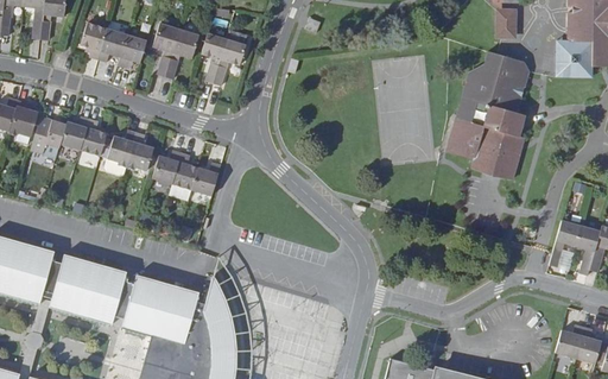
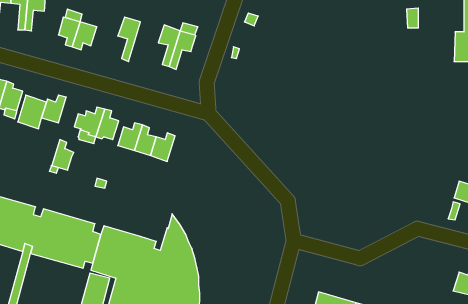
building: [165,29,200,78] -> none
building: [118,34,146,67] -> none
building: [446,51,530,178] -> none
building: [81,119,107,156] -> [52,140,74,170]

